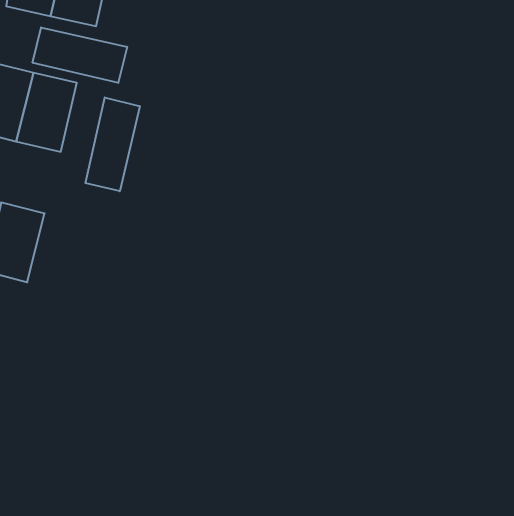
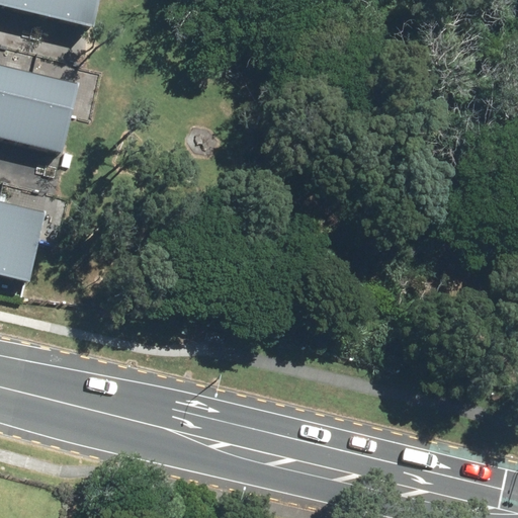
building: [33,27,127,83] -> none
building: [85,97,140,191] -> none

